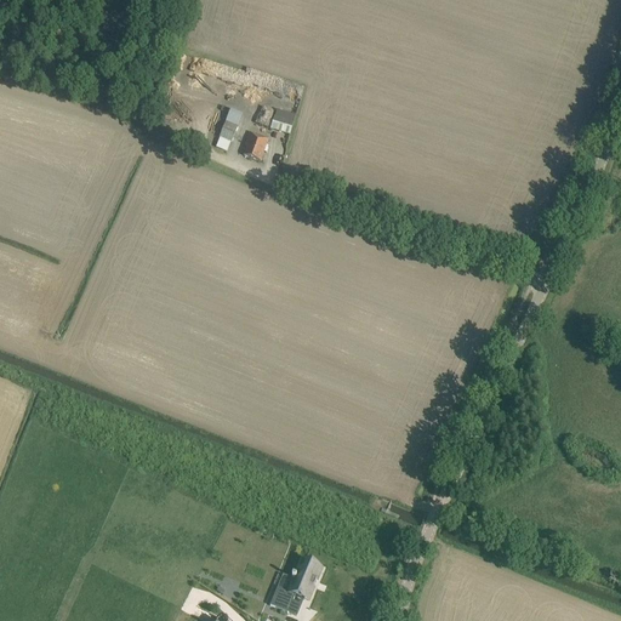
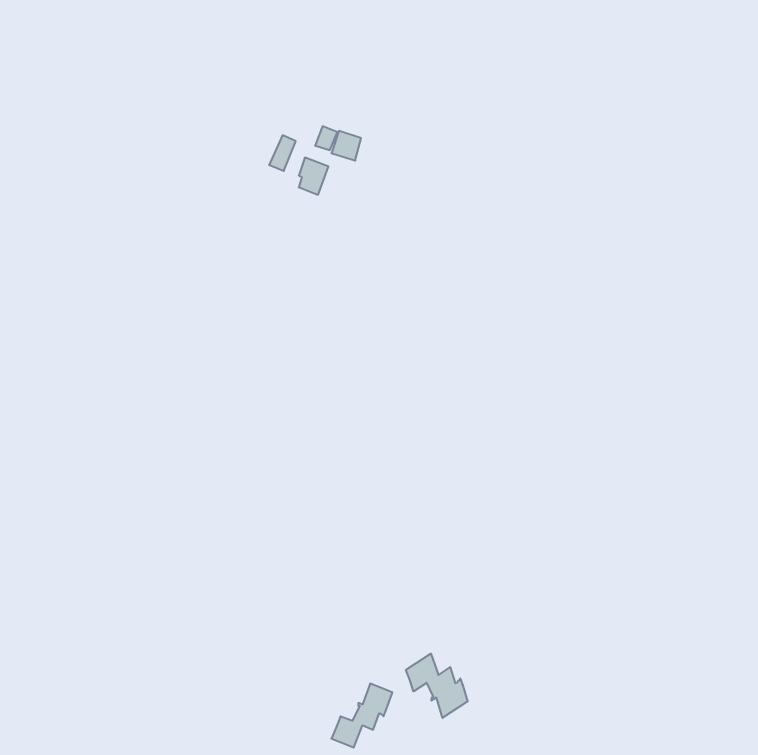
building: none -> [406,654,468,718]

